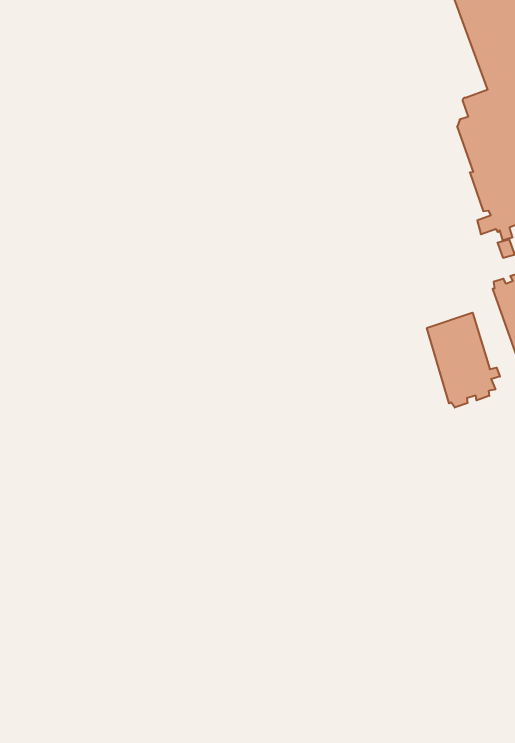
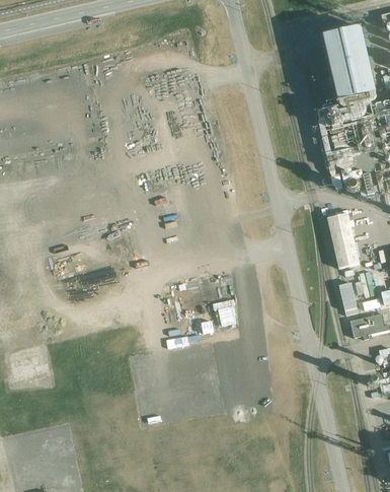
building: [427,313,500,408] -> none

